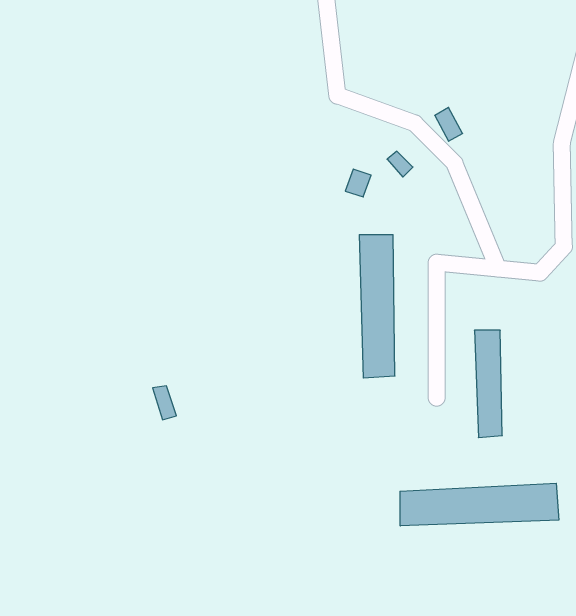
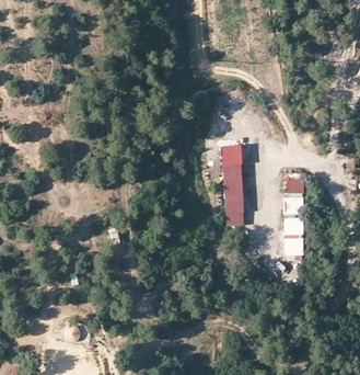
building: [400,483,559,526] -> none

